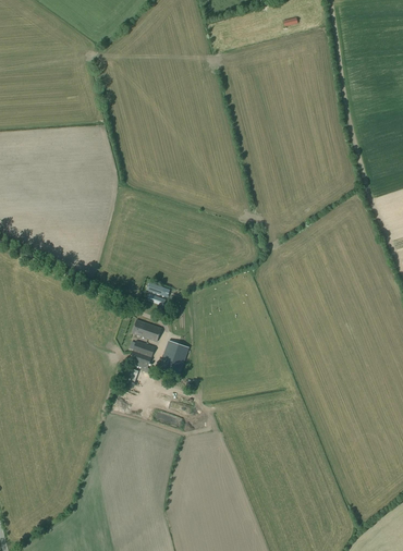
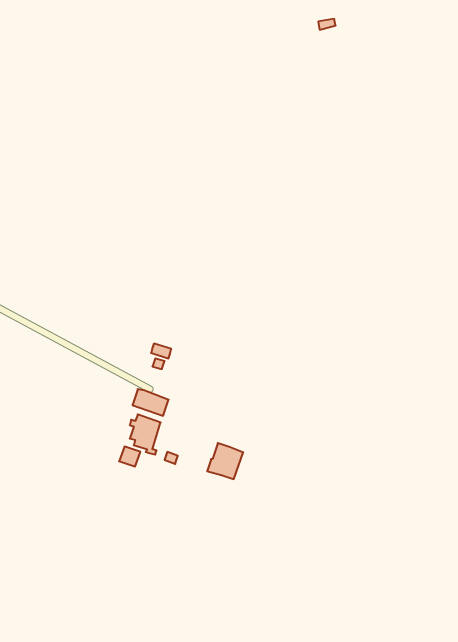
building: [160,340,190,369] -> [207,443,243,479]

